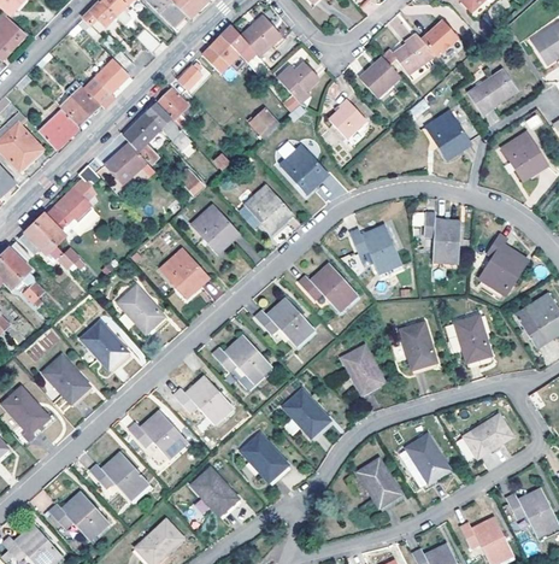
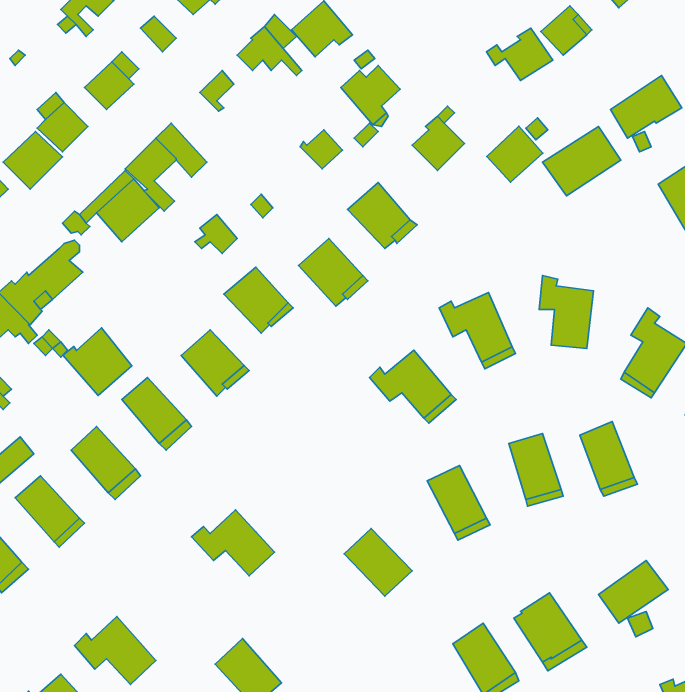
building: [363,58,402,98] -> [487,126,543,182]
building: [158,87,190,119] -> none
building: none -> [63,328,132,395]
building: [255,298,313,346] -> none
building: [212,335,270,383] -> none
building: [128,410,187,458] -> none
building: [240,434,287,482] -> none

